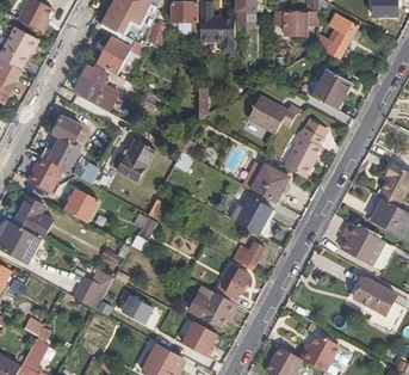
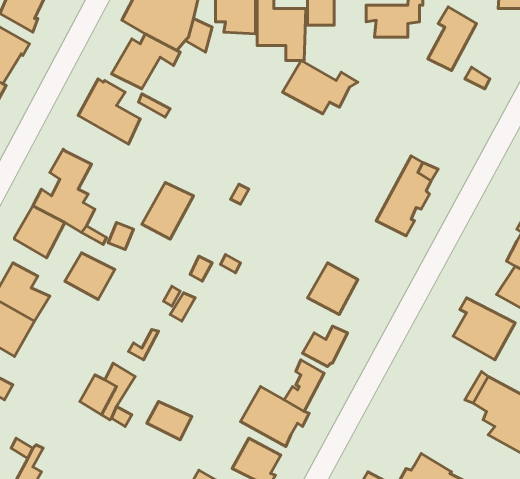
building: [311,69,349,109] -> none
building: [247,94,300,133] -> [283,60,358,114]
building: [242,161,287,202] -> none

